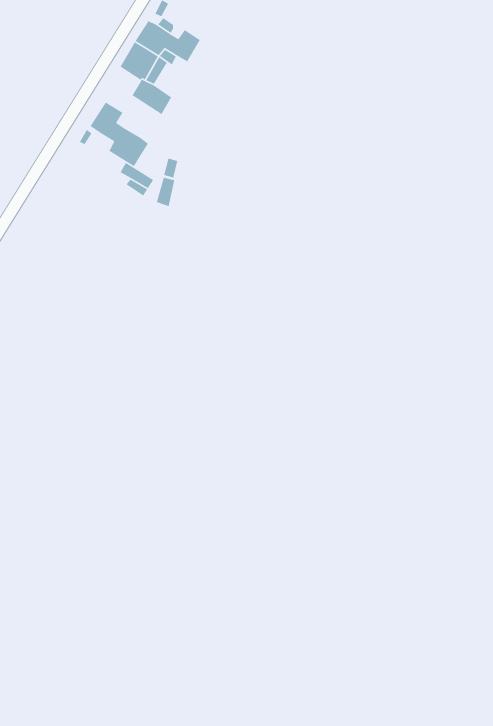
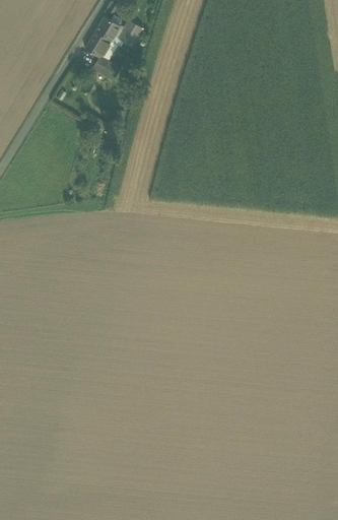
building: [89,101,149,167] -> none

